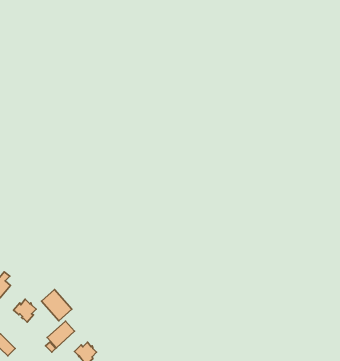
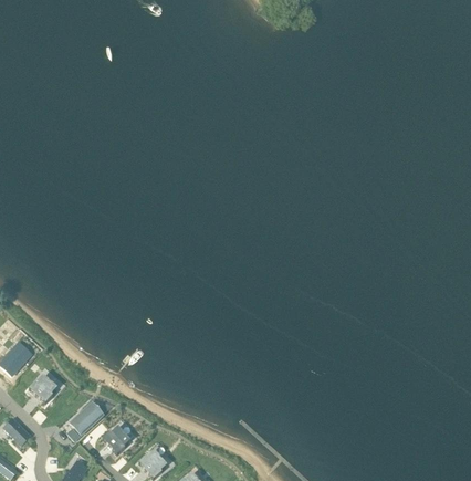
building: [41,290,72,321] -> none

